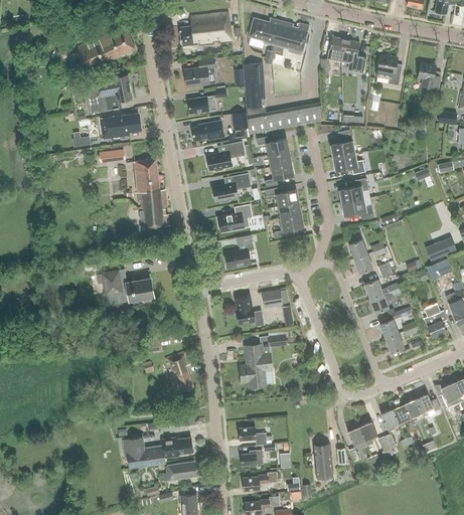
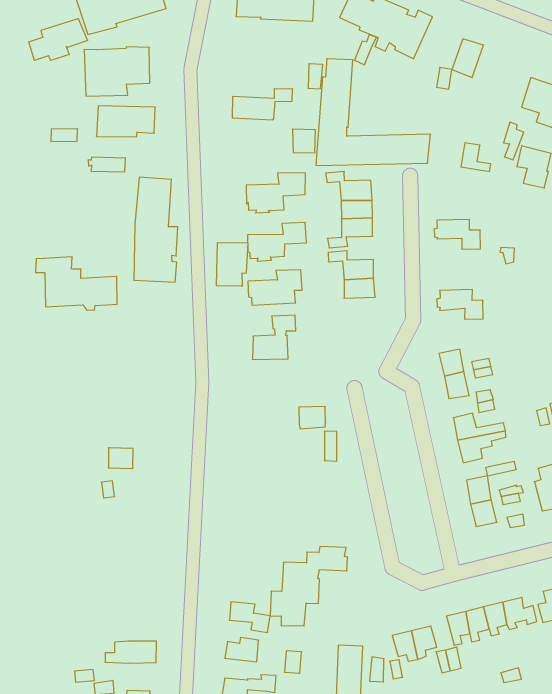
building: [341,39,366,72] -> none
building: [184,58,215,87] -> none
building: none -> [29,19,87,60]
building: [191,121,223,141] -> none
building: [329,130,354,158] -> none
building: [338,178,368,203] -> none
building: none -> [216,243,248,286]
building: [274,214,303,238] -> none
building: [96,270,153,305] -> [36,257,117,310]
building: [235,295,263,326] -> none
building: [240,330,287,387] -> [270,547,348,626]
building: [165,351,193,393] -> none
building: [121,437,193,469] -> none

